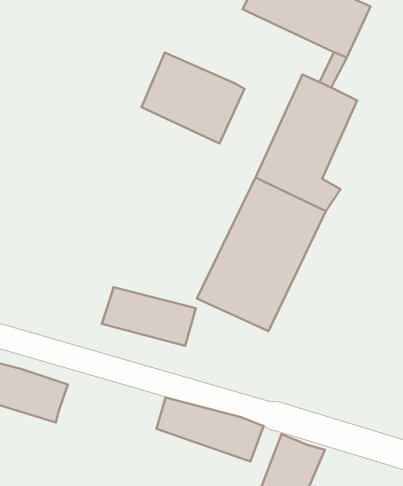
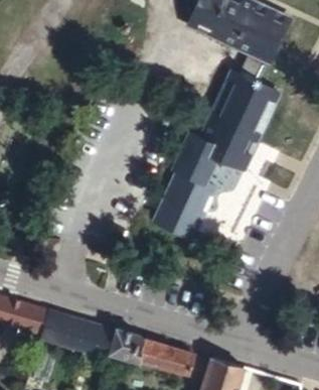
building: [141,53,244,143] -> none
building: [102,287,196,346] -> [46,303,119,349]

